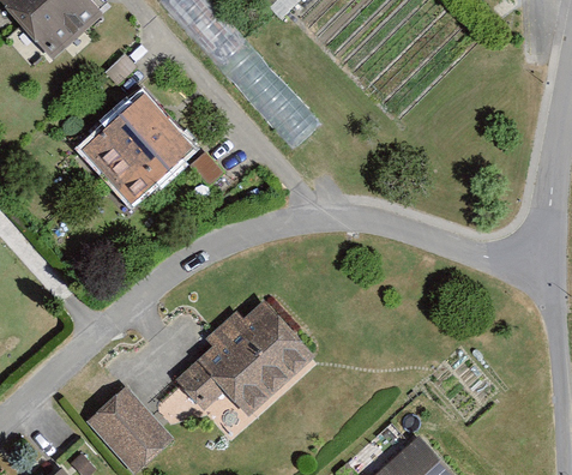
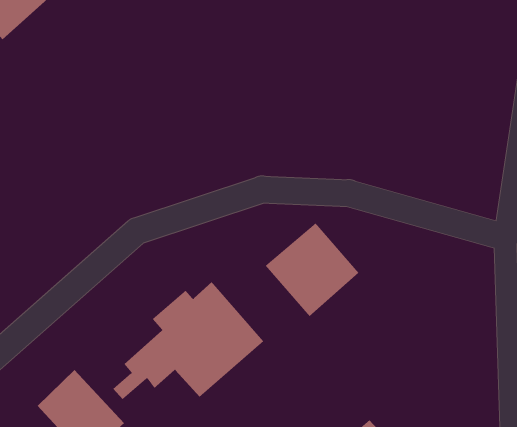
building: [83,94,193,203] -> none
building: none -> [265,223,359,317]

